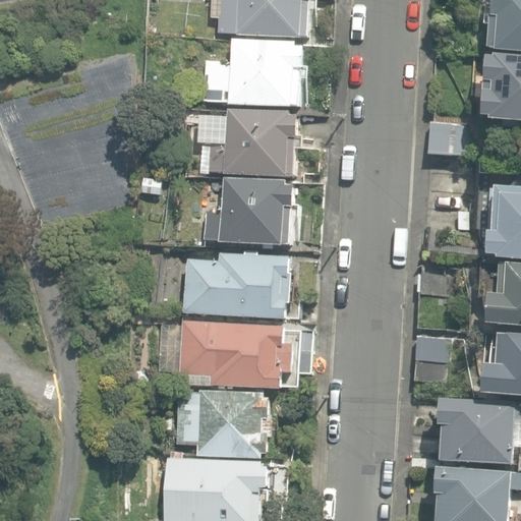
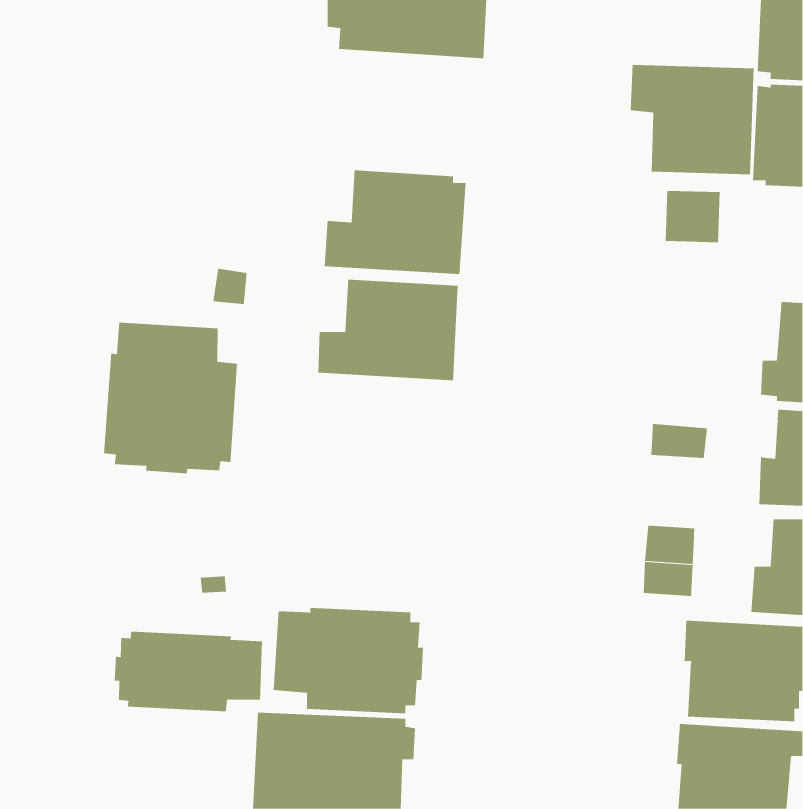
building: [192,40,302,107] -> none
building: none -> [630,64,754,175]
building: none -> [104,322,238,474]
building: [183,250,291,320] -> none
building: [179,321,311,389] -> none
building: none -> [114,631,263,712]

